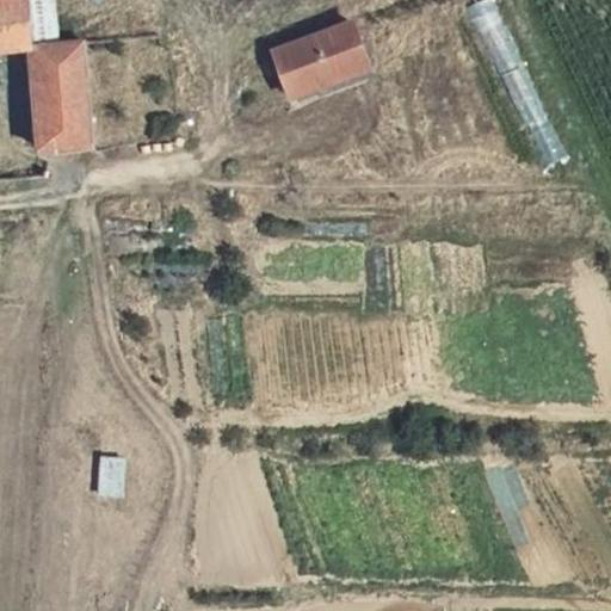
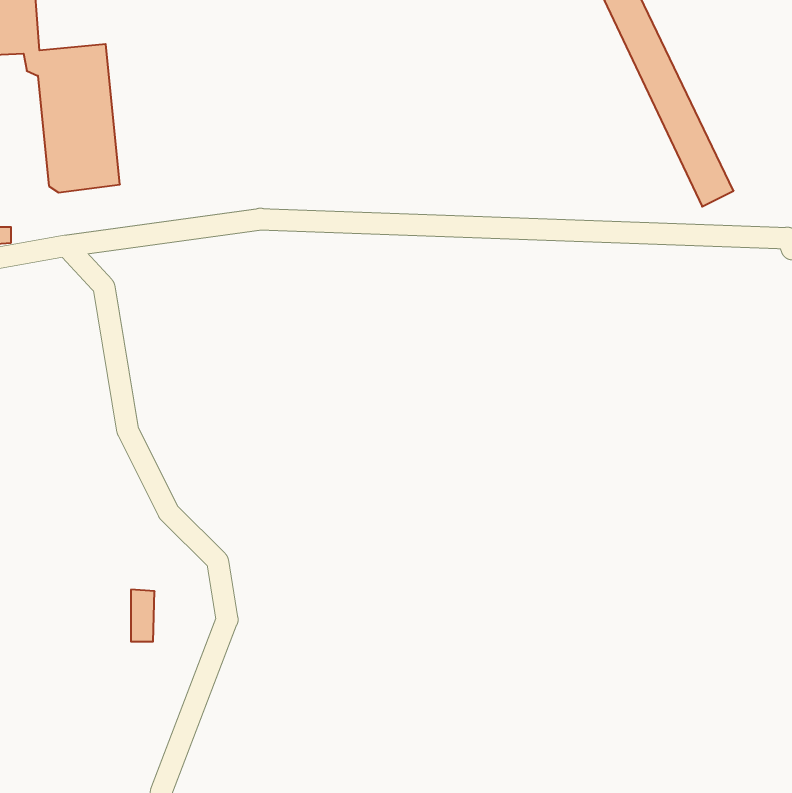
building: [267,27,363,101] -> none

